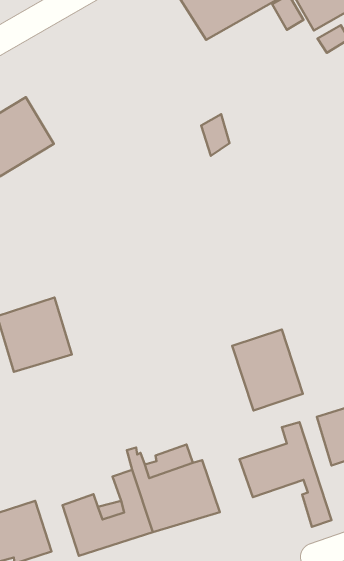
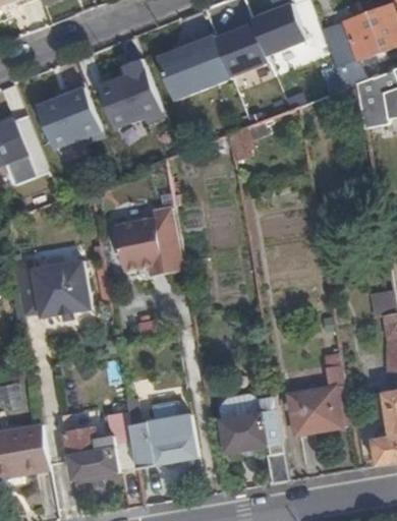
building: none -> [156,35,229,101]
building: none -> [101,69,163,129]
building: none -> [114,207,183,276]
building: [232,329,303,410] -> none

